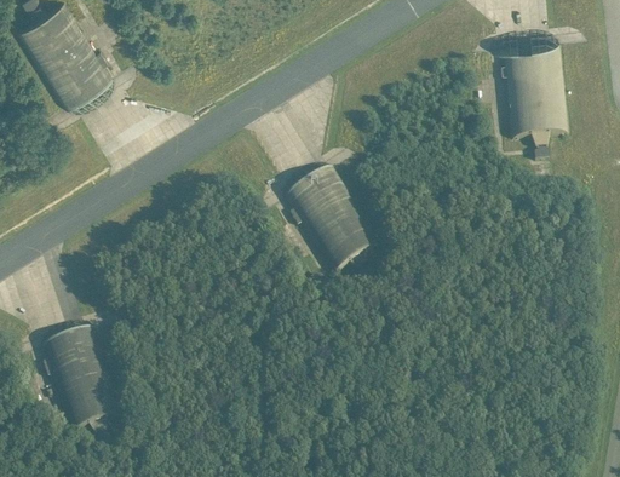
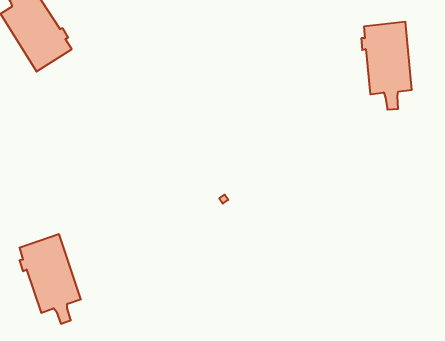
building: [283,163,380,280] -> none

